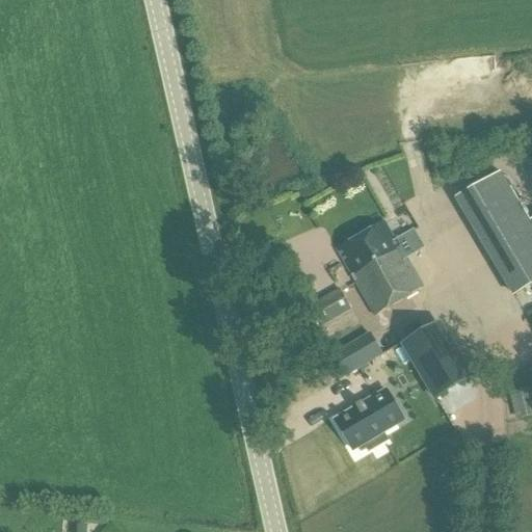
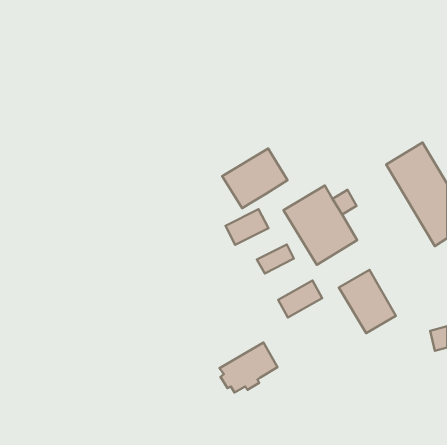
building: none -> [222,148,287,208]
building: none -> [225,209,268,245]
building: [335,388,403,447] -> [219,342,278,393]

